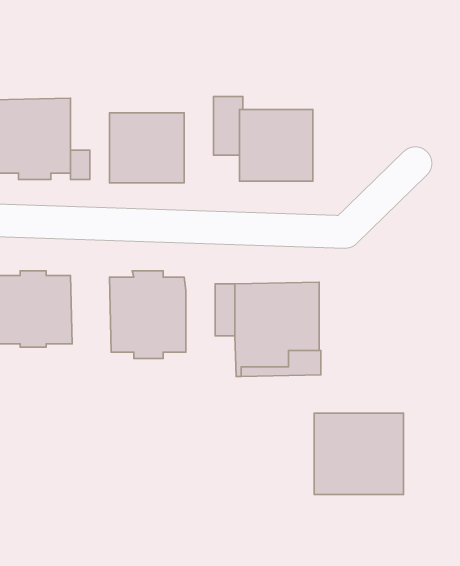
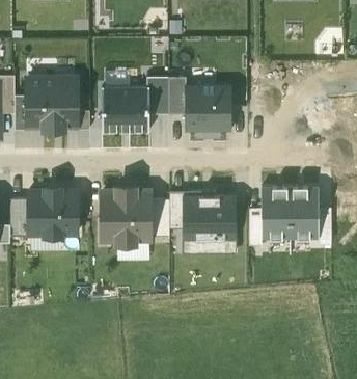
building: none -> [147,76,168,114]
building: none -> [150,199,169,237]
building: [314,413,404,495] -> [262,186,319,238]

